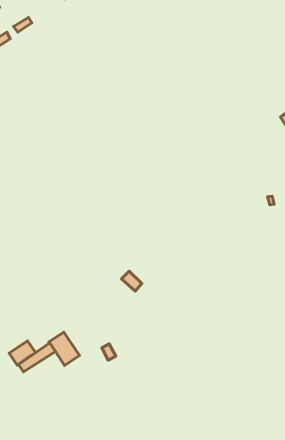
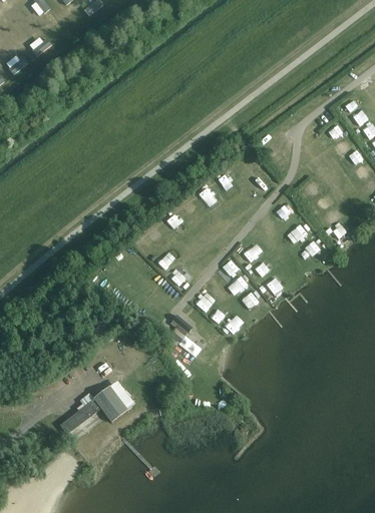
building: [9,341,36,365] -> none

